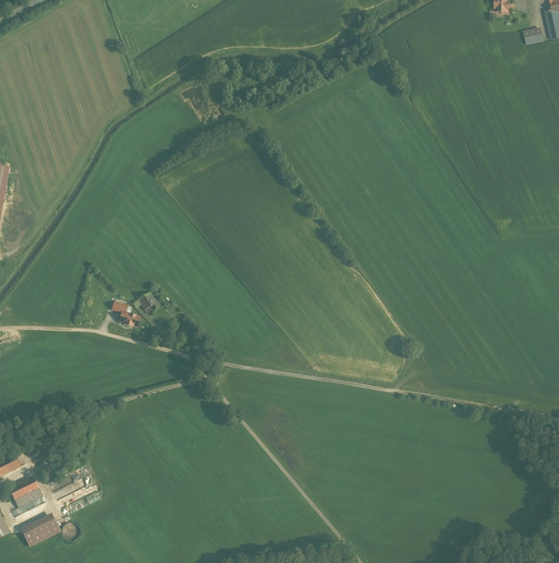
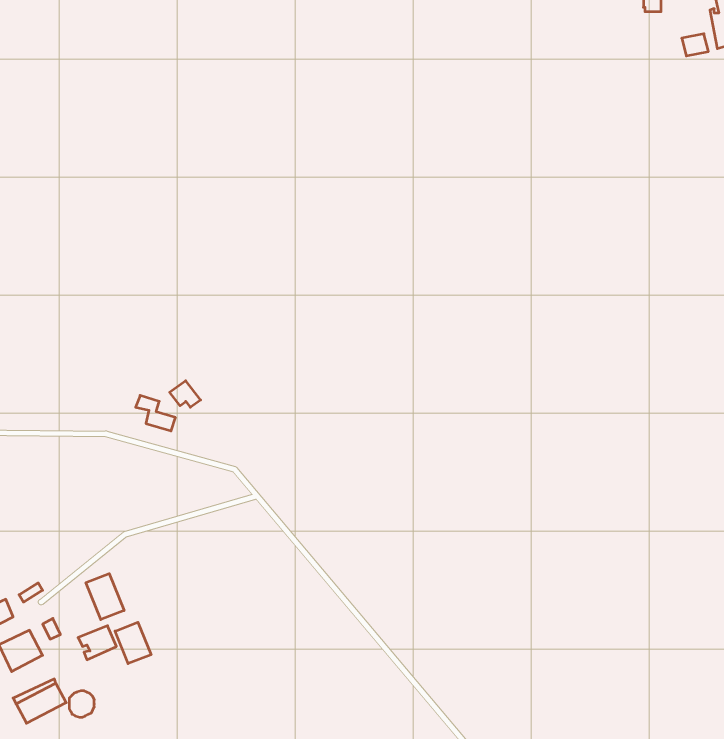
building: none -> [86,574,124,620]
building: none -> [115,622,151,664]

